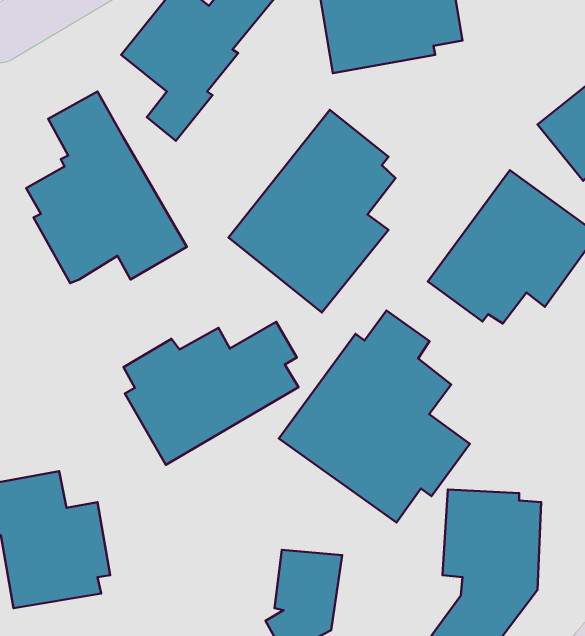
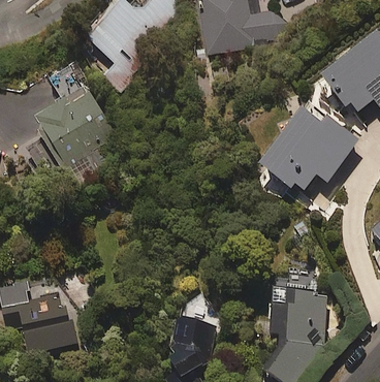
building: [229,110,396,312] -> none
building: [279,311,470,522] -> none
building: [123,322,298,465] -> none

